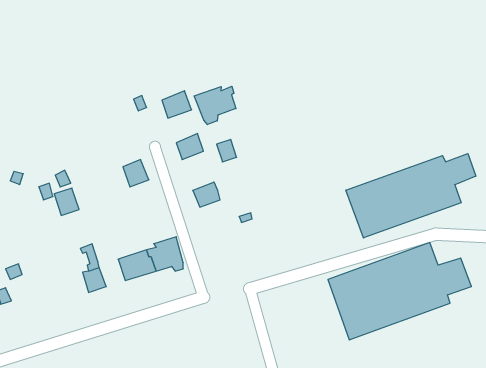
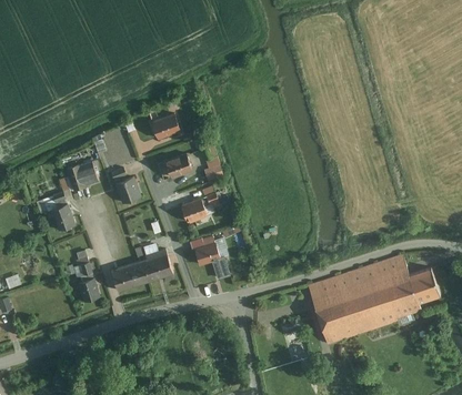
building: [194,86,236,125] -> none
building: none -> [67,161,98,190]
building: [346,154,476,238] -> none
building: none -> [194,236,229,278]

